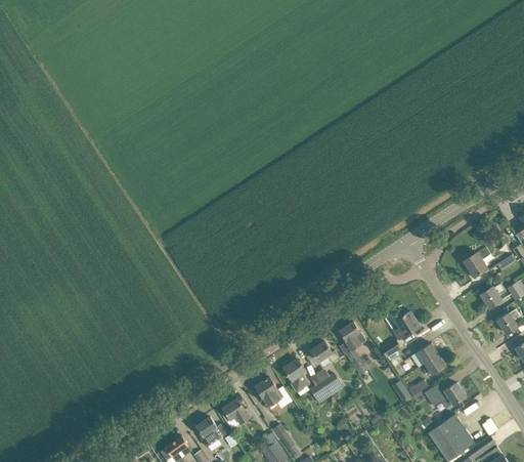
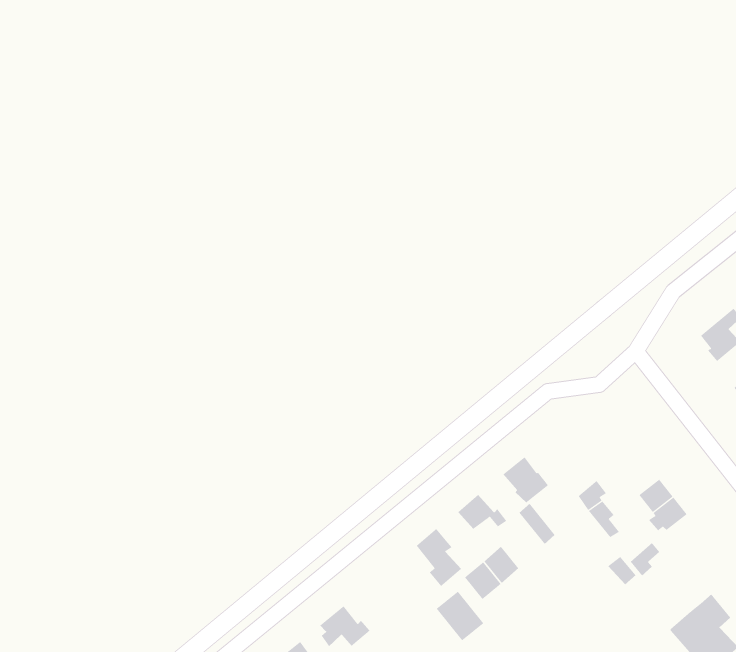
building: [393,310,419,339] -> none
building: [255,377,282,407] -> [436,591,484,641]
building: [424,382,465,409] -> none

